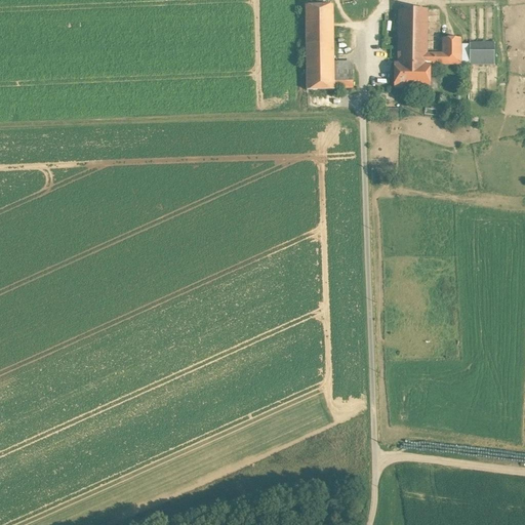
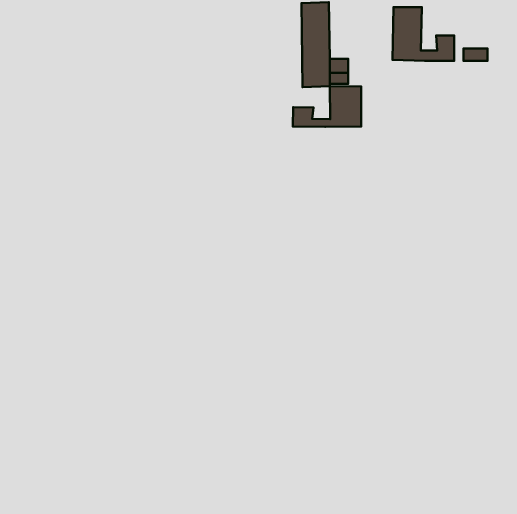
building: [394,60,431,85] -> none
building: none -> [293,86,361,127]

